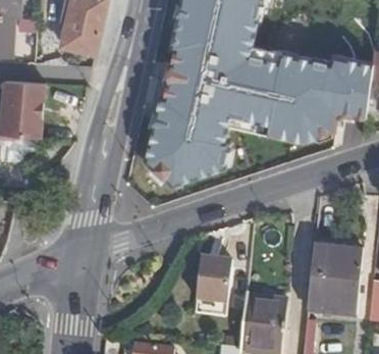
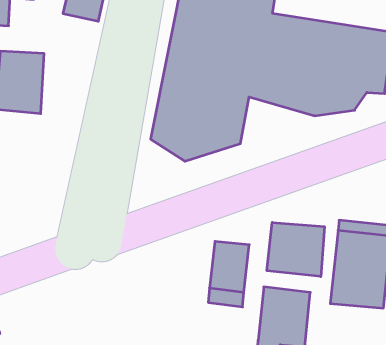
building: none -> [267,222,324,277]

